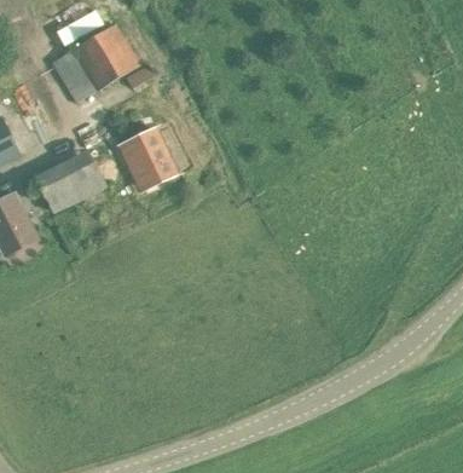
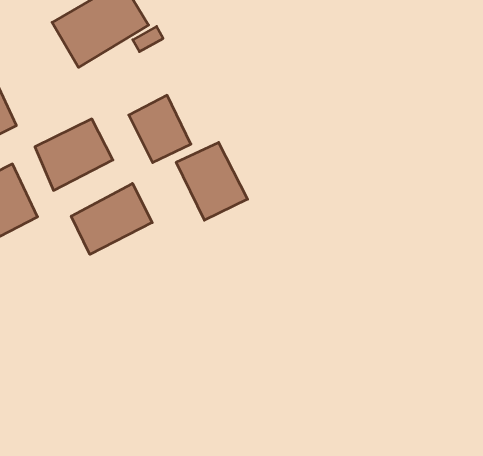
building: none -> [176,142,248,220]
building: none -> [71,183,152,254]

